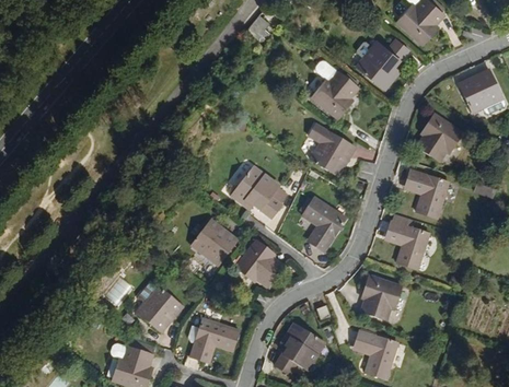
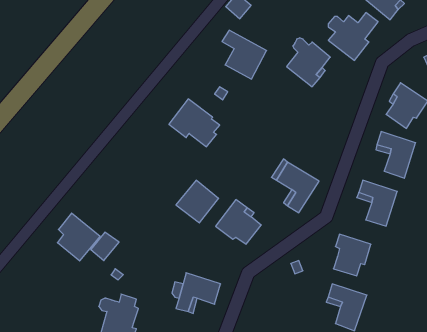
building: [305,122,354,175] -> [222,30,267,79]
building: [231,167,286,219] -> [169,99,220,147]
building: [136,281,182,332] -> [57,213,100,261]
building: [274,322,322,374] -> none

